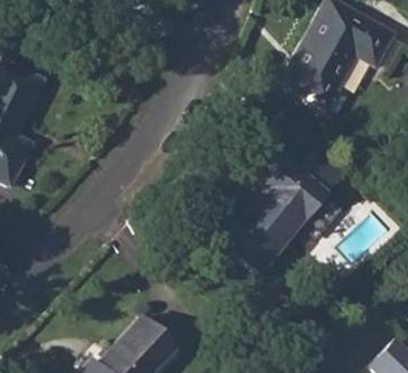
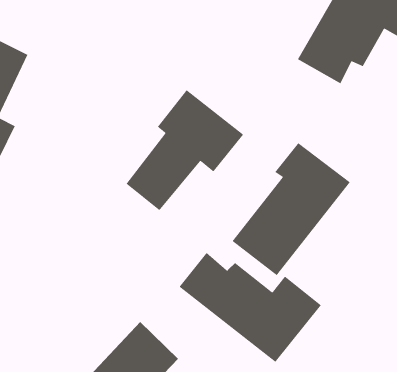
building: none -> [126,89,244,211]
building: none -> [178,252,322,363]

